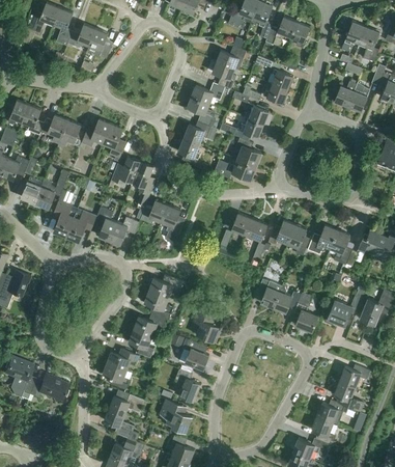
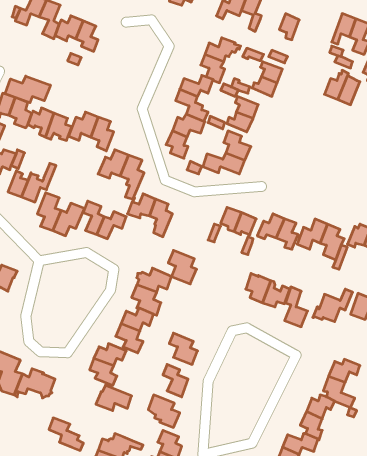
building: [265,16,297,44] -> none
building: none -> [5,76,50,103]
building: [193,308,221,341] -> [168,250,197,284]
building: [105,408,139,440] -> [49,418,83,450]

